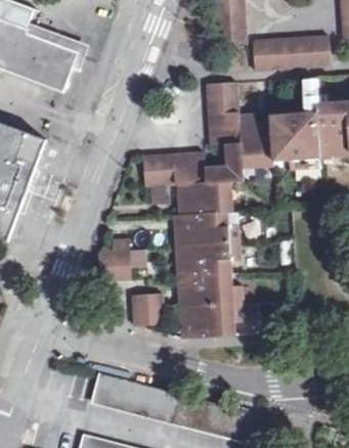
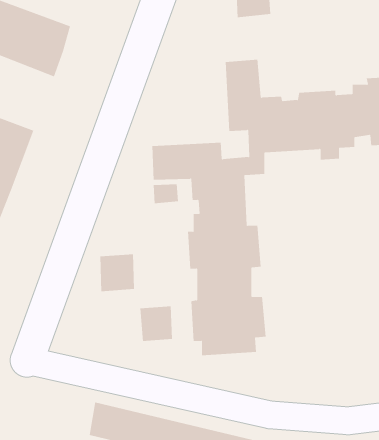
building: [254,34,329,66] -> none

